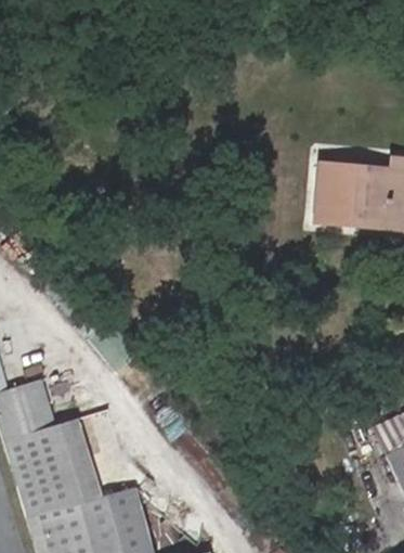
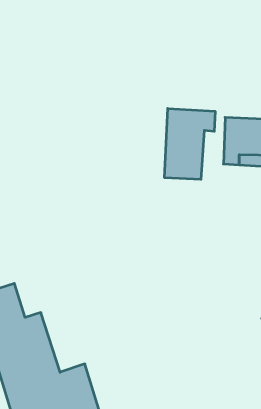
building: none -> [165,108,215,179]

